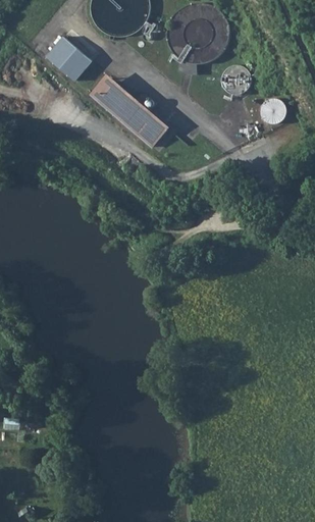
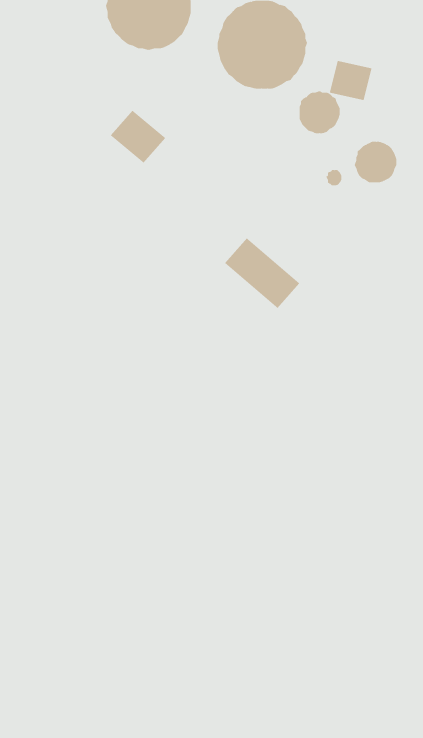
building: [47,36,93,80] -> none
building: none -> [329,60,372,101]
building: [116,97,168,146] -> [224,237,300,309]

